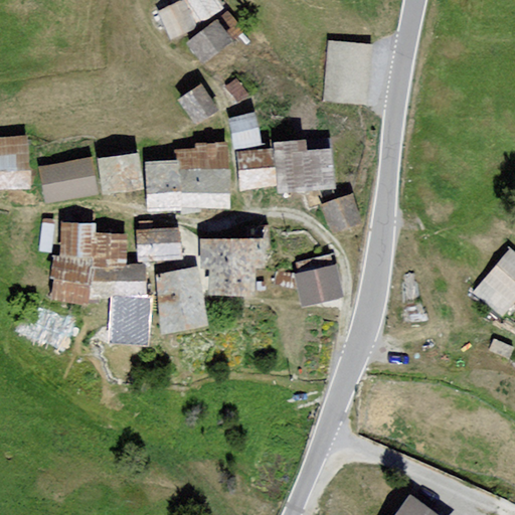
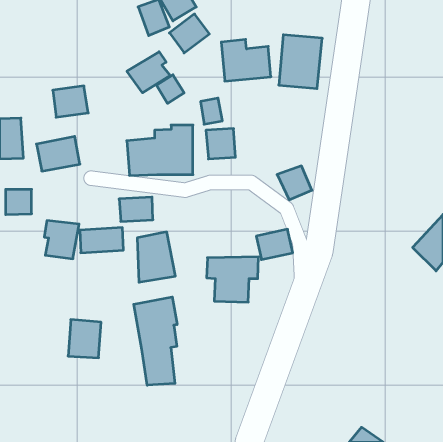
building: none -> [127,52,170,93]
building: [275,140,332,188] -> [221,39,271,81]
building: [100,153,141,189] -> [53,86,88,117]
building: [62,223,93,252] -> [6,189,32,215]
building: [97,233,124,262] -> none
building: [202,239,263,292] -> [207,257,259,302]
building: [110,297,148,341] -> [68,320,101,358]
building: none -> [134,297,177,385]

